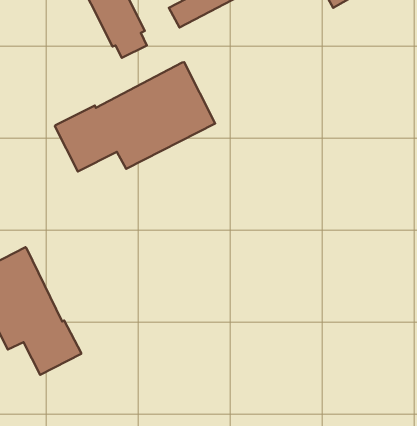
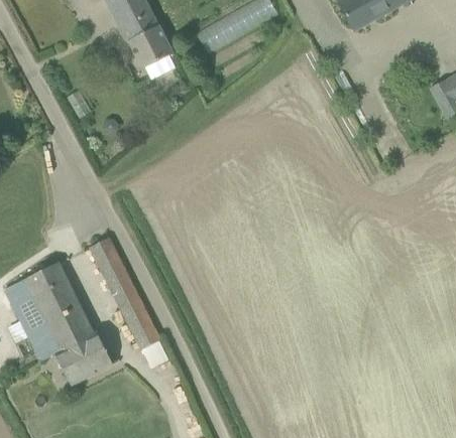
building: [55,62,215,172] -> none
building: none -> [89,237,160,349]

